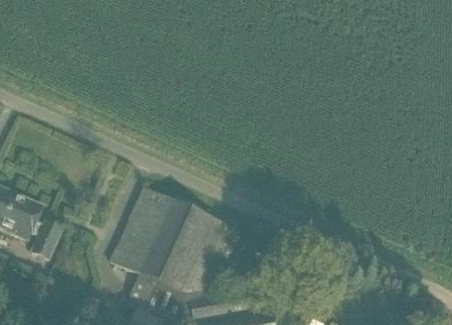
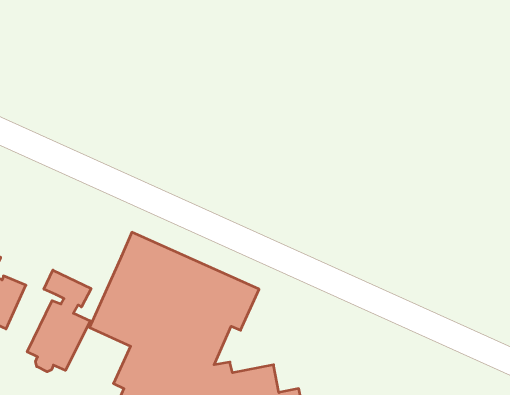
building: none -> [27,270,91,372]

